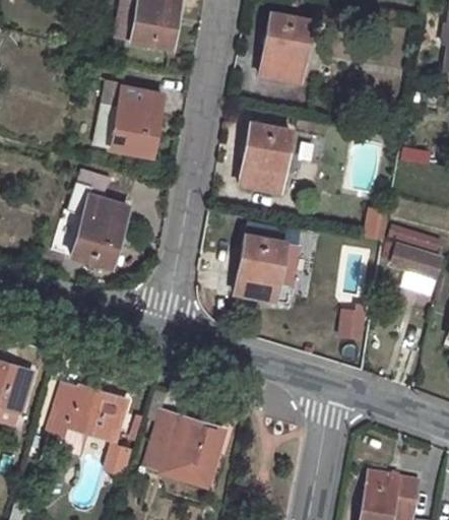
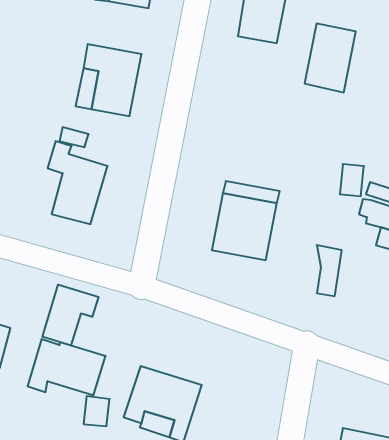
building: [240,123,292,193] -> [305,23,356,92]
building: none -> [43,285,99,346]

